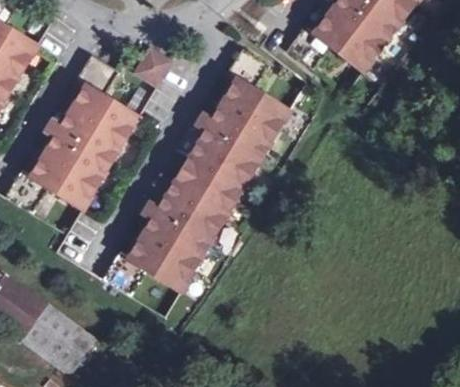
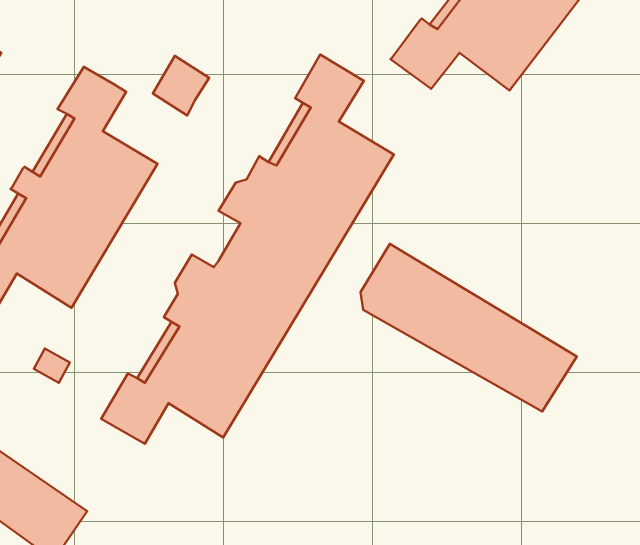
building: none -> [360,244,577,411]

